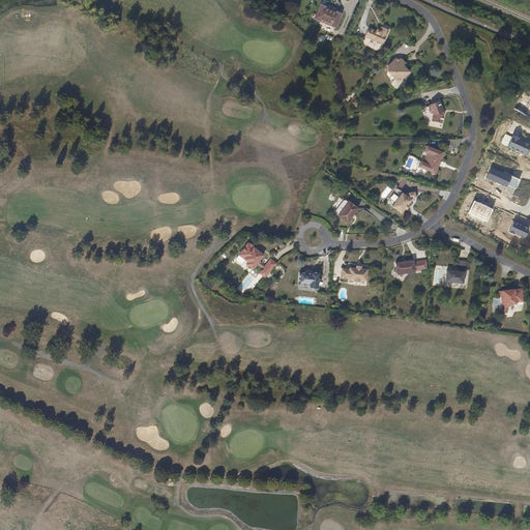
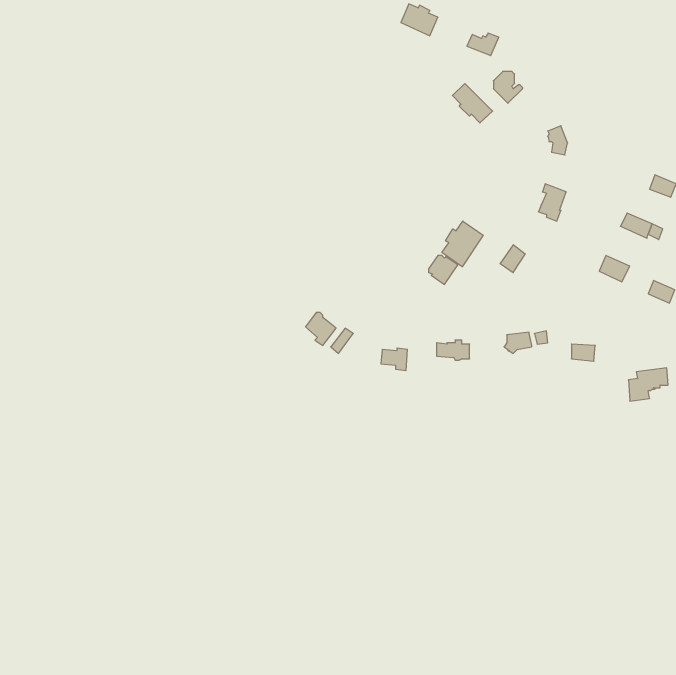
building: none -> [452,84,493,123]
building: none -> [442,221,483,267]

